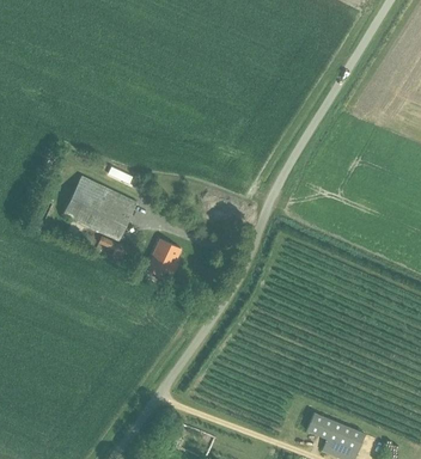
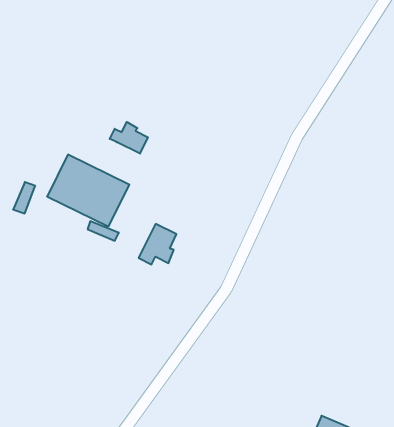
building: none -> [110,122,148,154]

